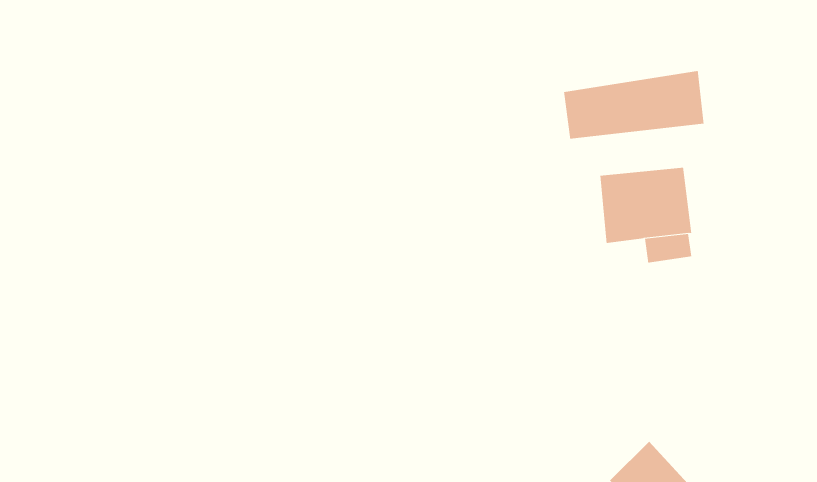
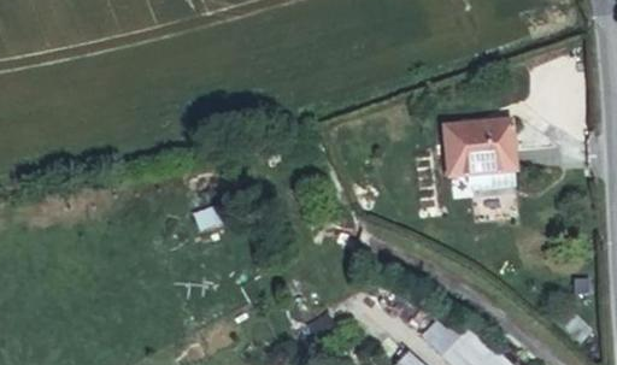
building: [564,70,704,140] -> none

